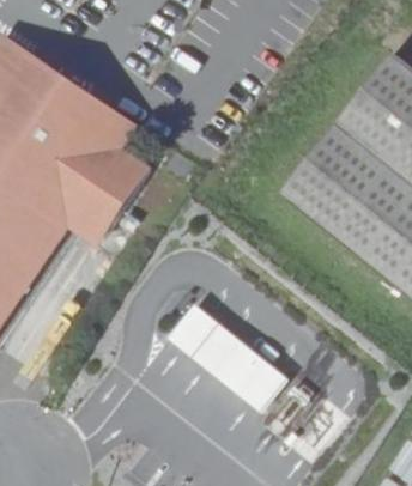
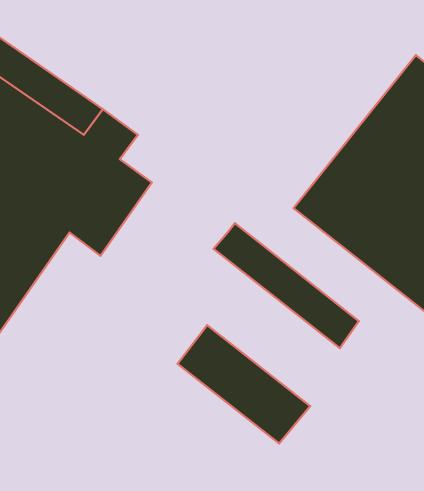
building: none -> [214,223,359,348]

